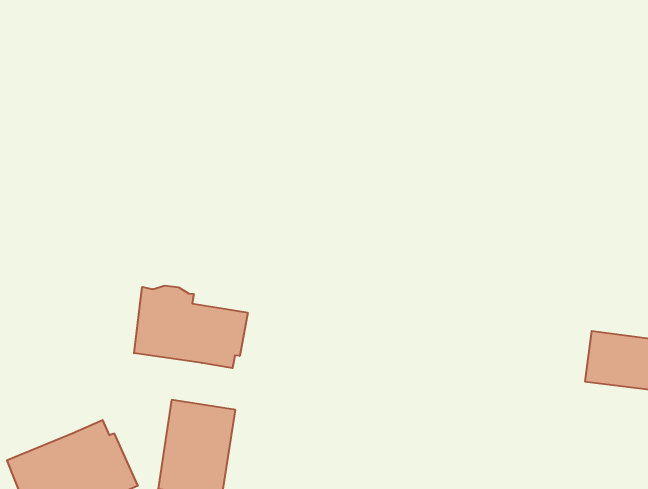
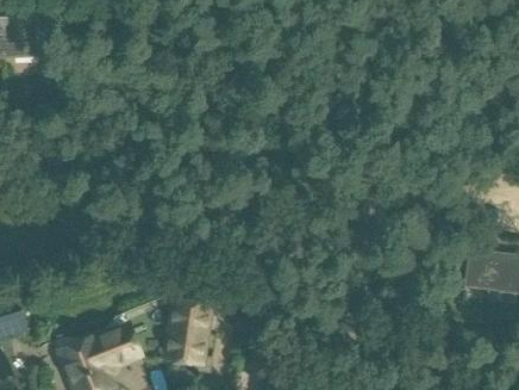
building: [134,286,248,368] -> none

